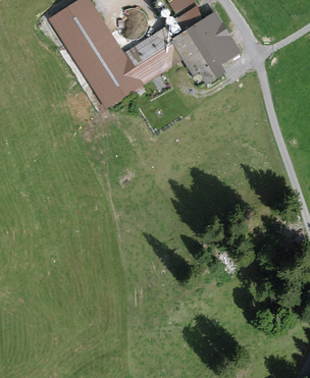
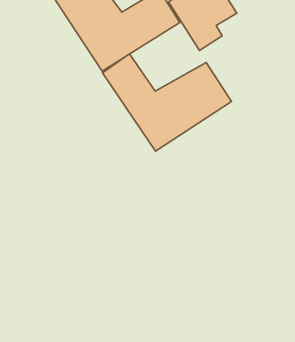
building: none -> [102,54,231,151]

